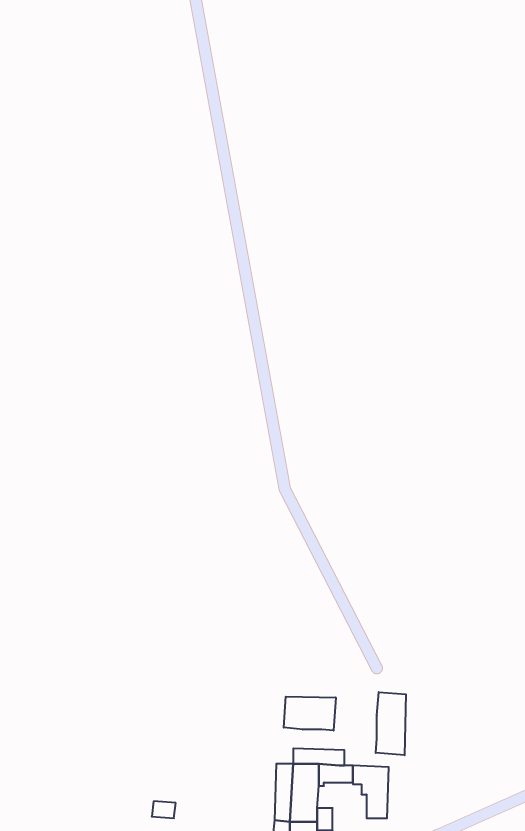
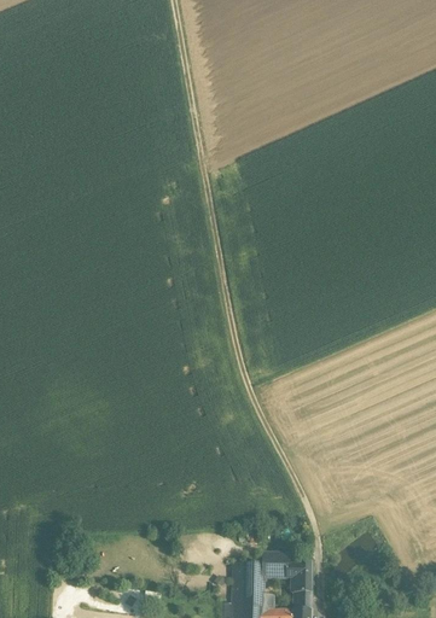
building: [376,692,406,755] -> none
building: [284,697,336,731] -> none

